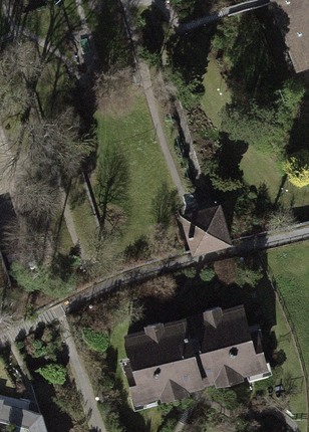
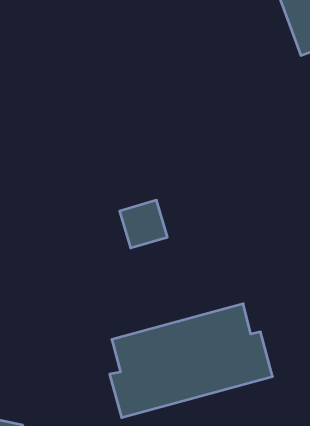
building: [182,209,226,253] -> [120,200,167,248]

